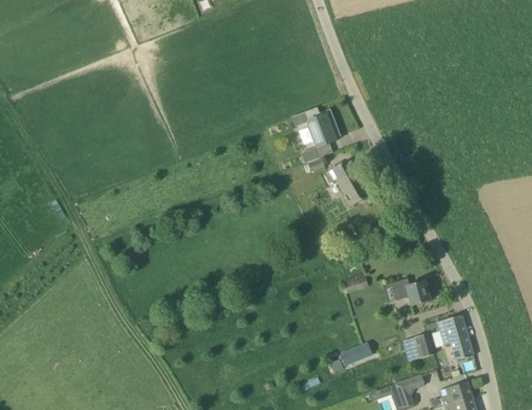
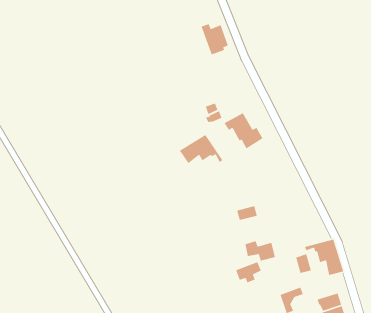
building: [304,106,339,146] -> [200,23,229,56]
building: none -> [179,134,223,164]
building: [391,277,429,304] -> [244,240,276,262]

